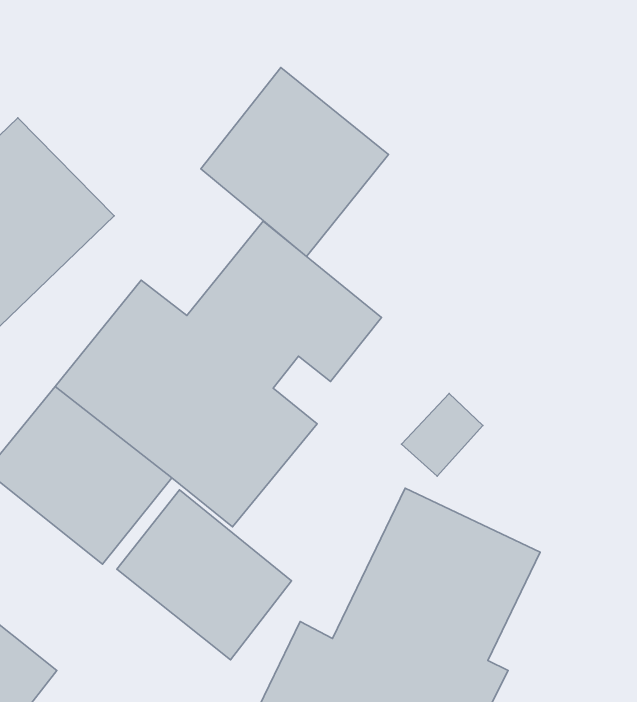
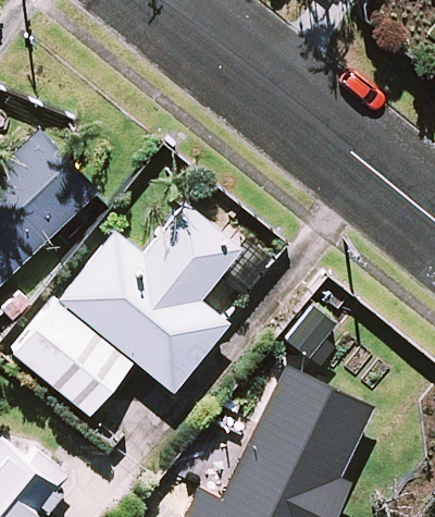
building: [201,68,388,256] -> none
building: [117,490,292,660] -> none

